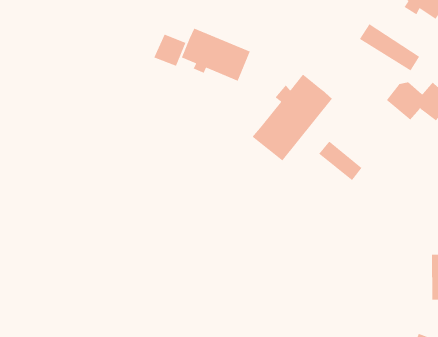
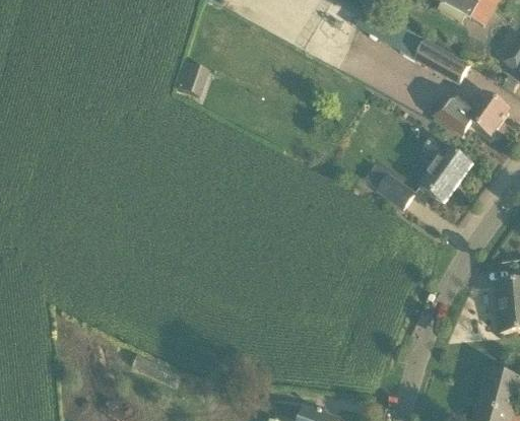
building: [181,28,251,82] -> none
building: [252,74,333,162] -> none
building: none -> [424,137,472,200]

